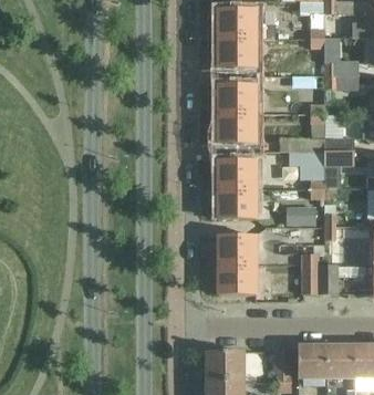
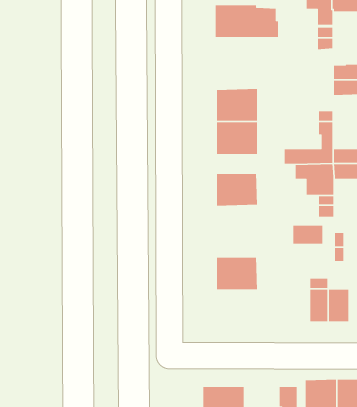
building: [217,38,254,67] -> none
building: [218,188,256,218] -> none
building: [218,264,256,294] -> none

